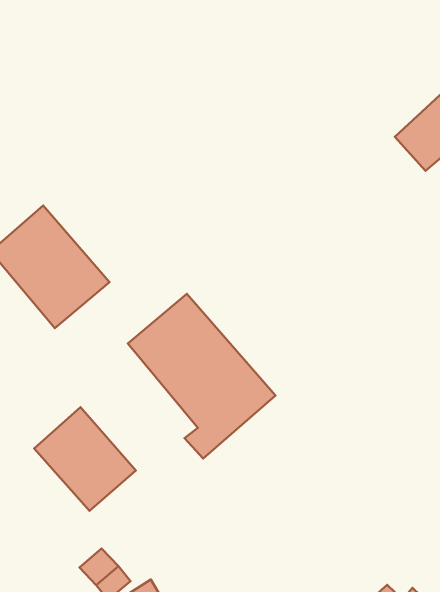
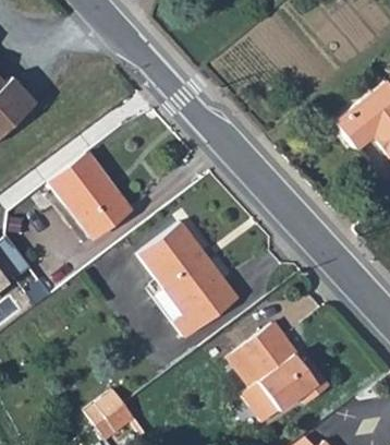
building: [34,407,136,511] -> none
building: none -> [228,324,328,422]

